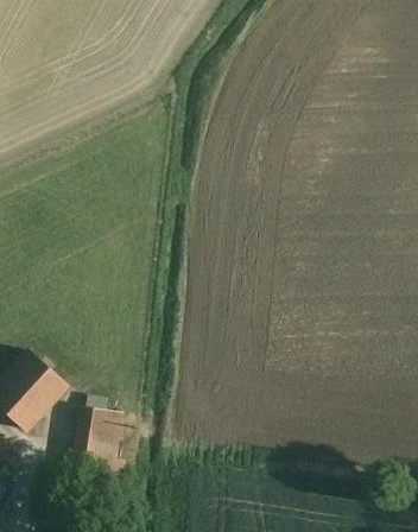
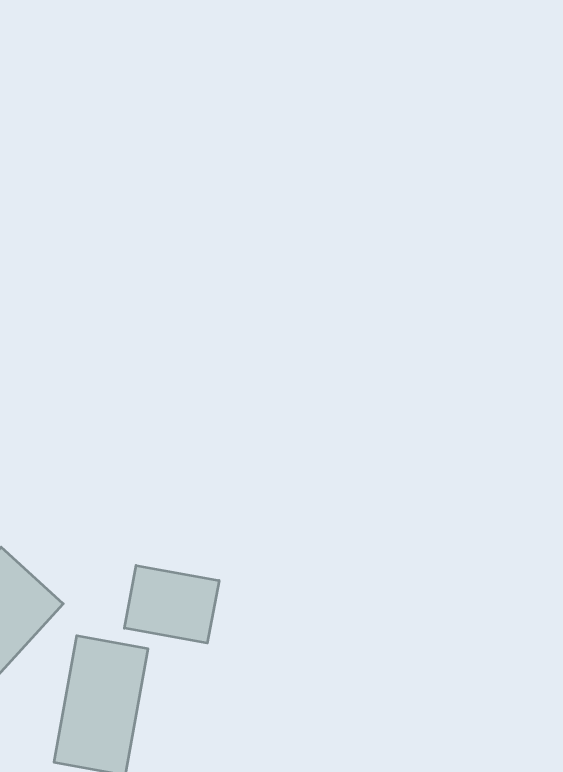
building: none -> [124,565,219,643]

